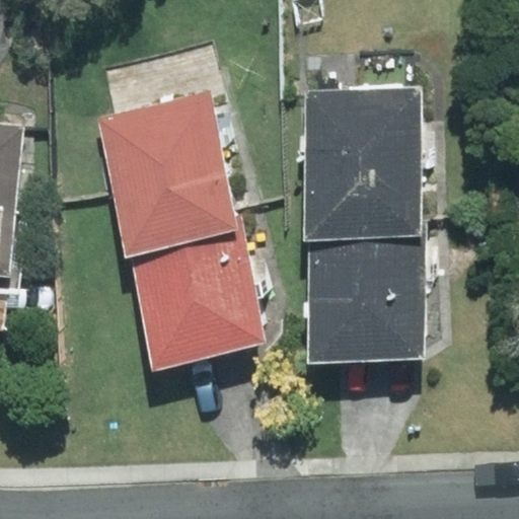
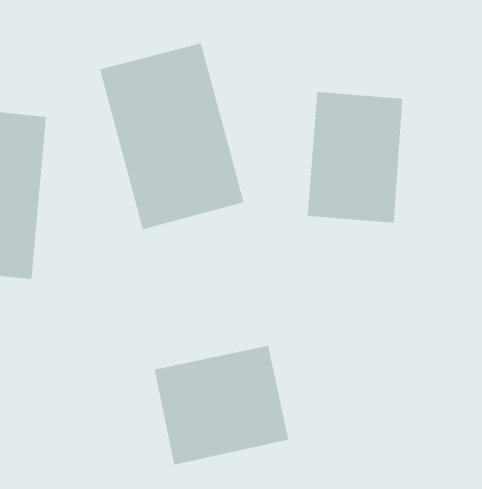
building: [150,247,291,372] -> [154,345,289,465]
building: [322,262,456,361] -> none

